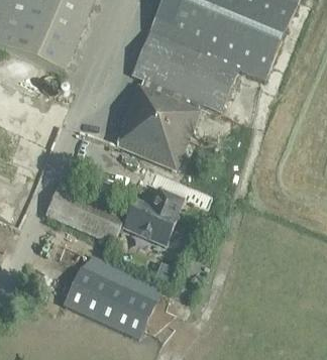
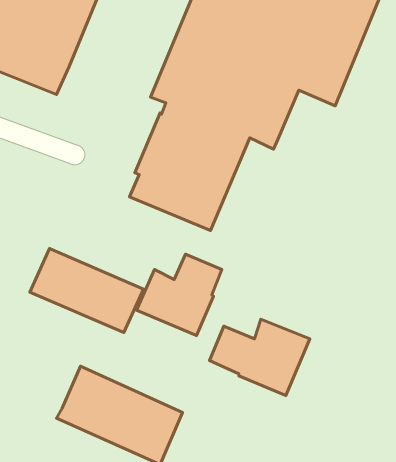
building: none -> [209,319,310,395]

